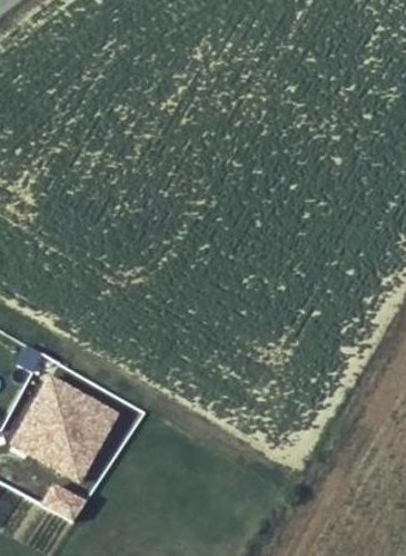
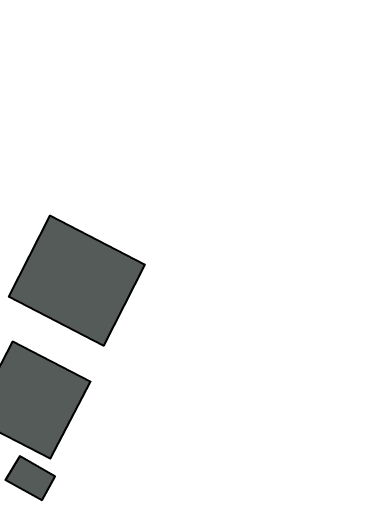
building: none -> [9,216,145,346]

